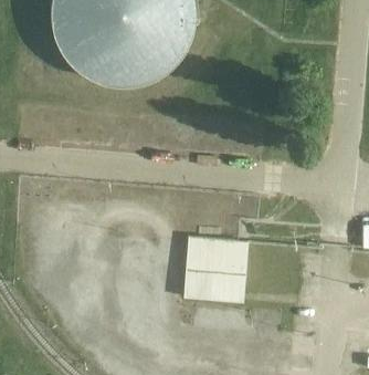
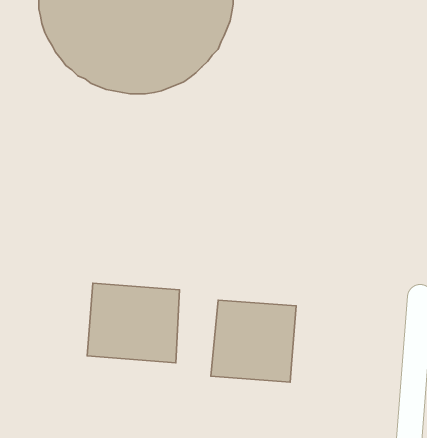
building: none -> [87,283,180,363]

